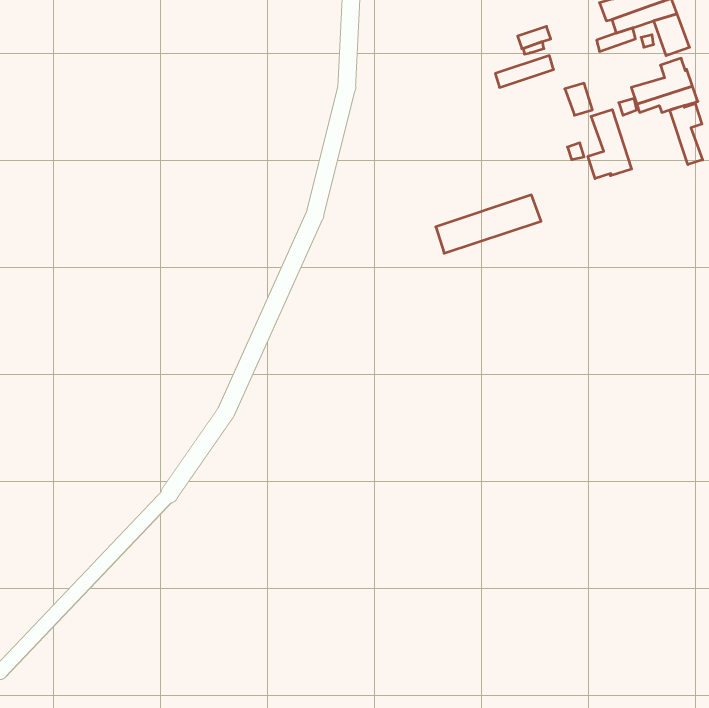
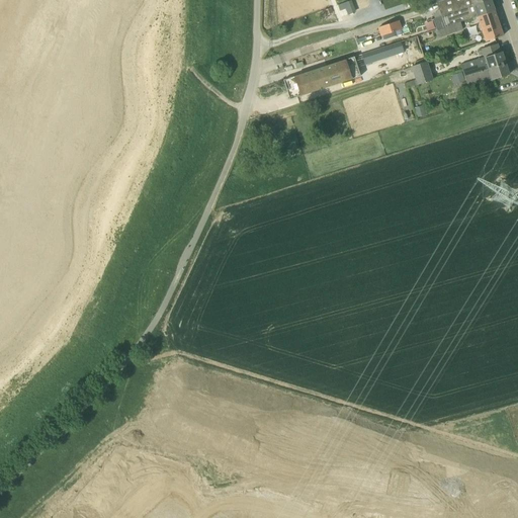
building: [670,104,703,165] -> none
building: [588,110,632,179] -> none
building: [436,195,541,253] -> [283,56,360,98]

